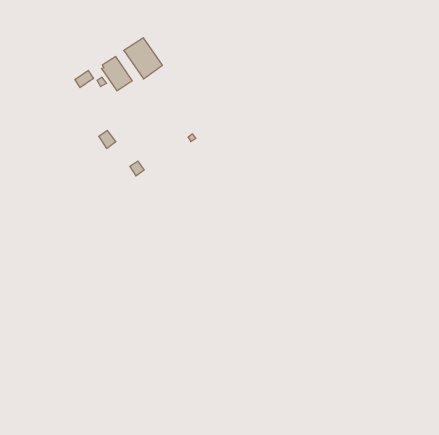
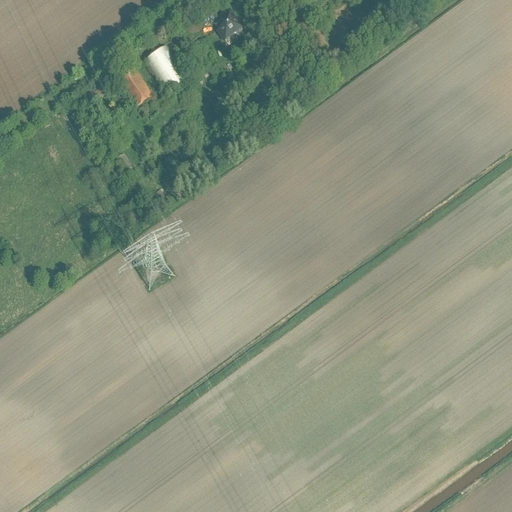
building: none -> [218,9,242,39]

